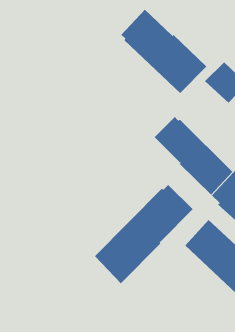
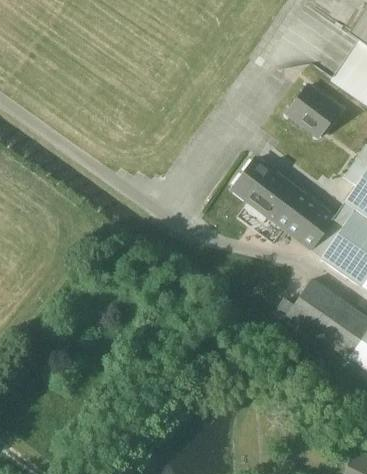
building: [121,9,207,94] -> none
building: [94,184,194,284] -> none

